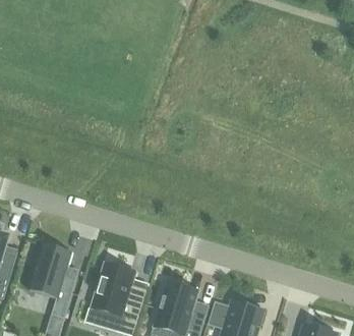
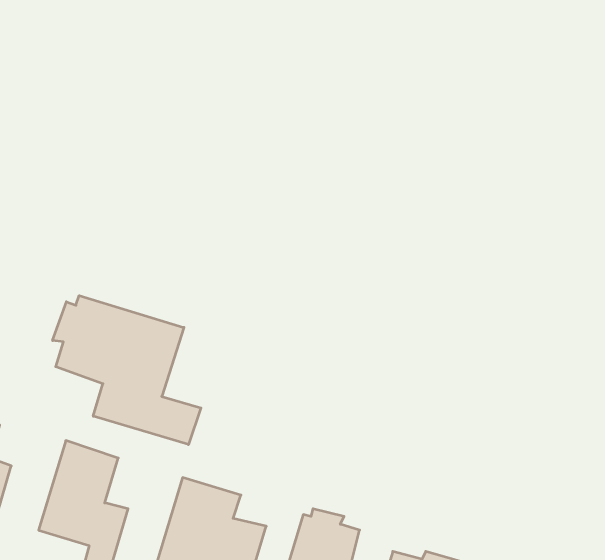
building: none -> [53,296,201,445]

